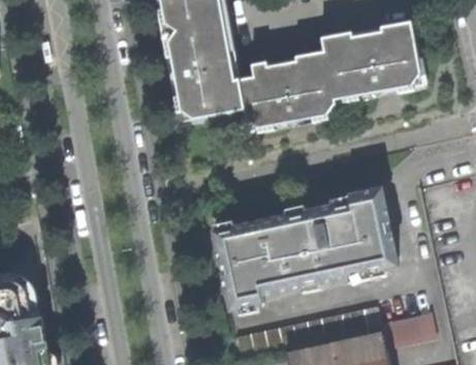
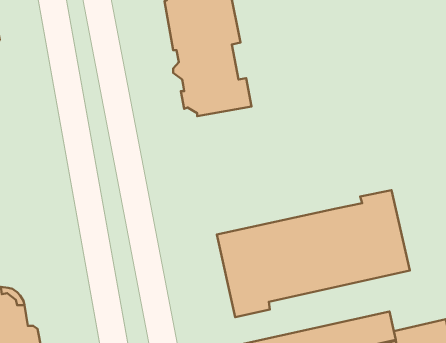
building: [240,23,420,129] -> none

